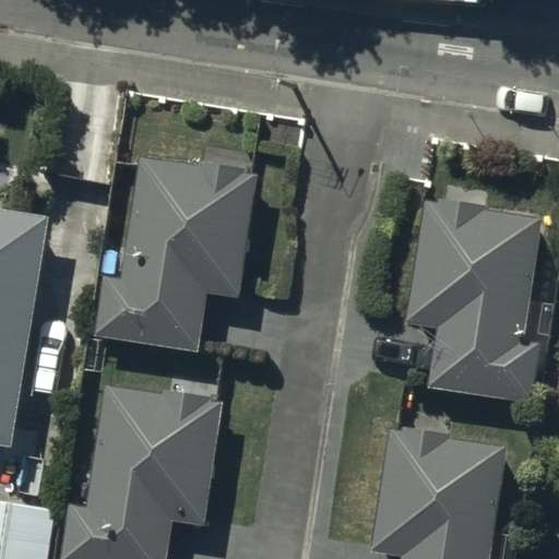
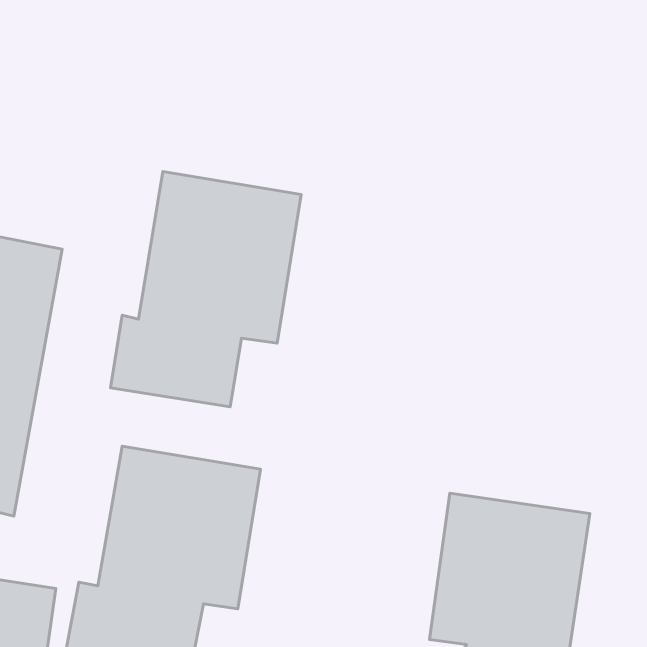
building: [407,201,540,402] -> none

